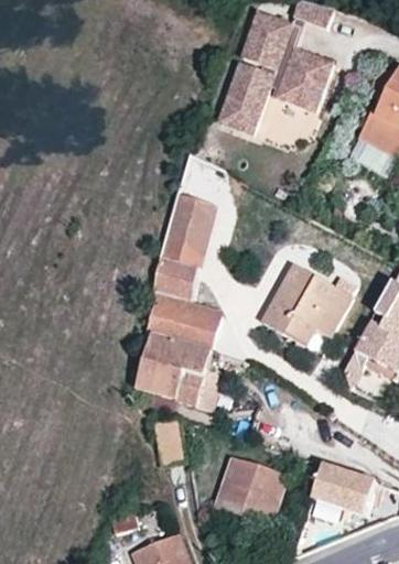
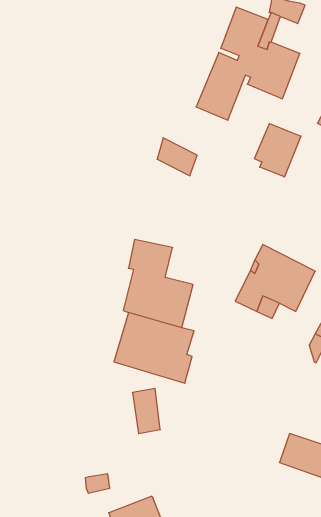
building: none -> [254,124,301,177]
building: [158,195,216,269] -> none
building: [207,462,281,530] -> none

